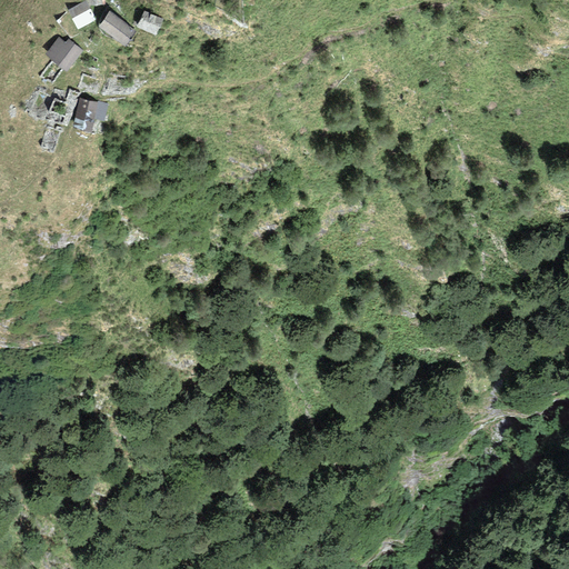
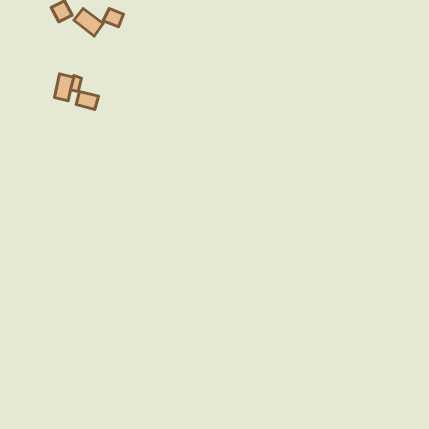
building: [44,37,83,72] -> none
building: none -> [76,91,99,110]

